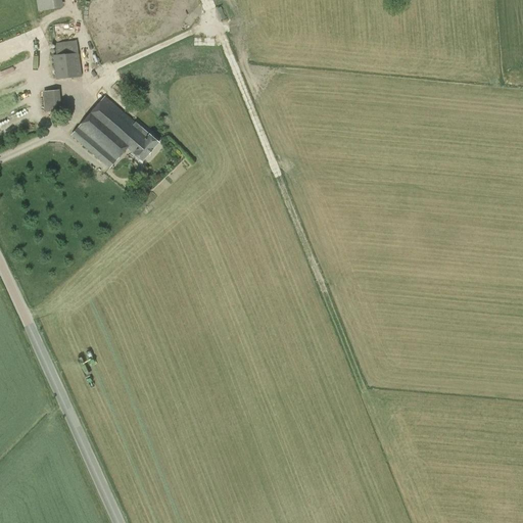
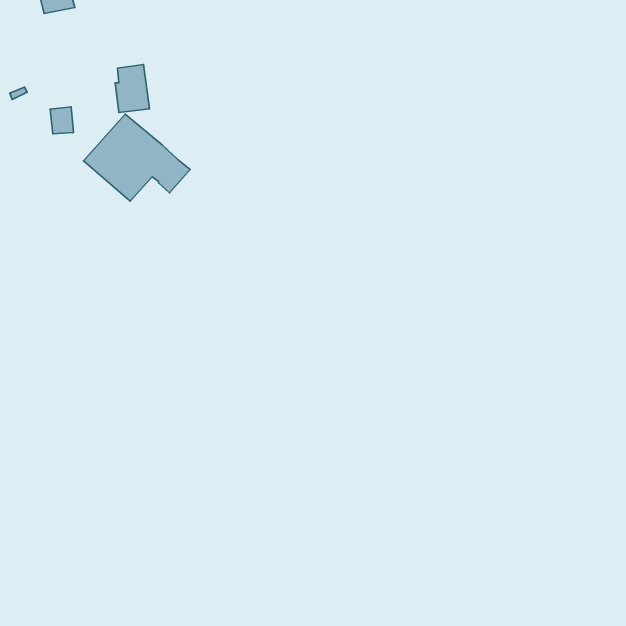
building: [52,39,81,79] -> [115,65,149,112]

